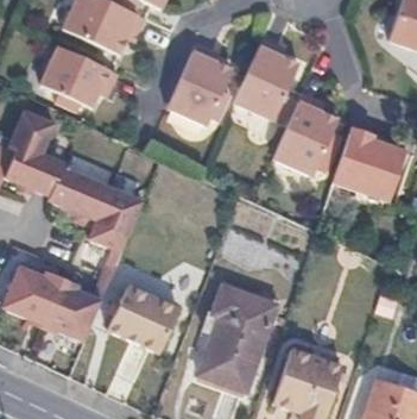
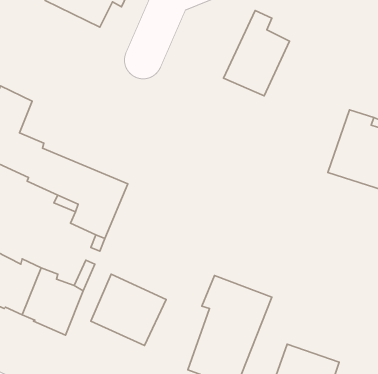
building: [166,43,229,123] -> none
building: [45,48,118,106] -> none
building: [271,93,334,173] -> none

